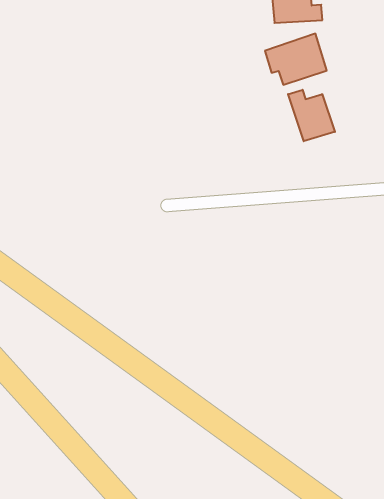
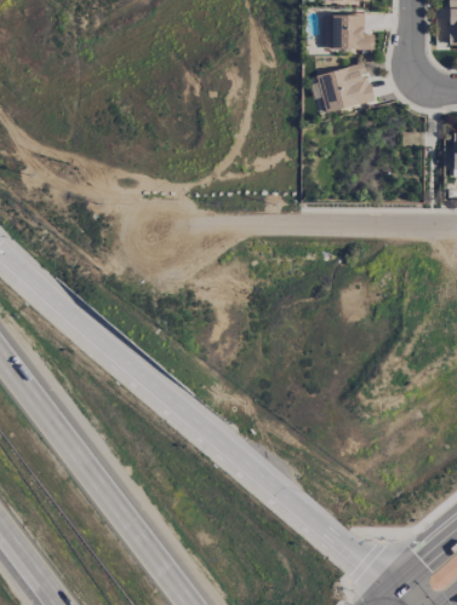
building: [288,90,335,141] -> none

